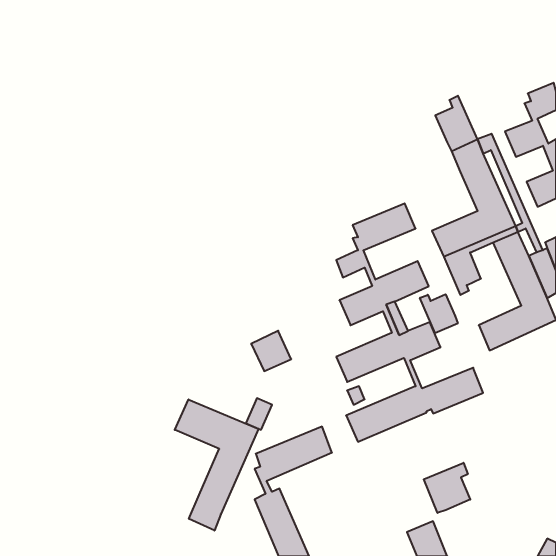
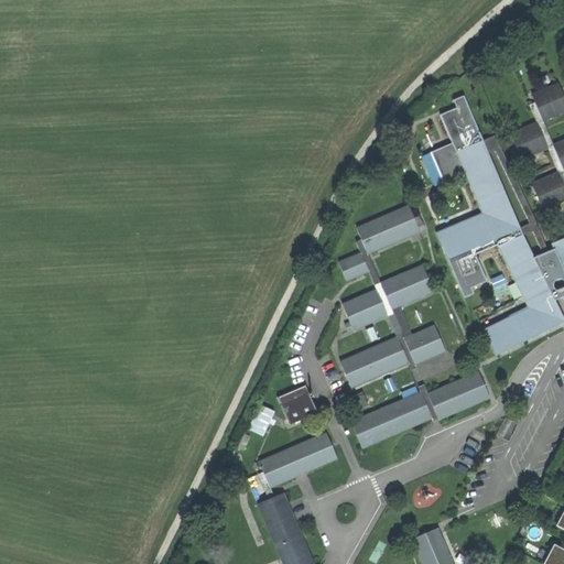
building: none -> [432,144,466,184]
building: [420,294,458,333] -> none
building: [251,331,291,371] -> [278,386,318,426]
building: [175,399,259,531] -> none
building: [424,463,470,513] -> none

